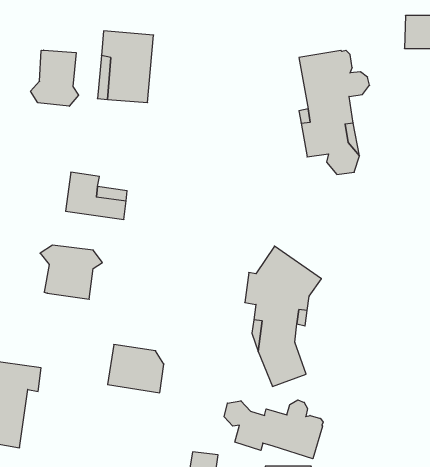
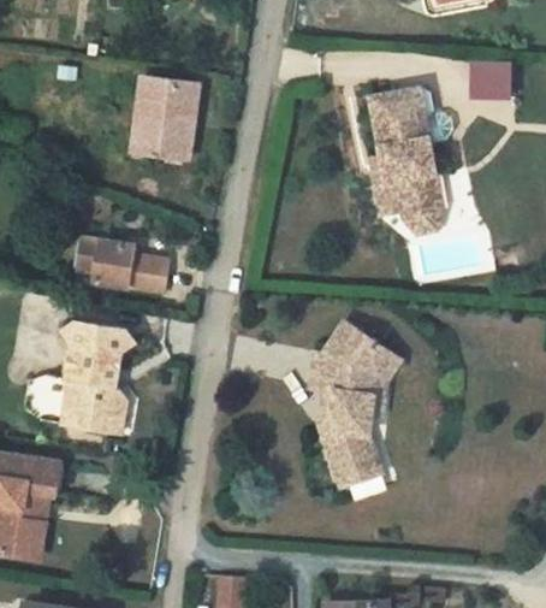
building: [31,50,79,106] -> none
building: [108,345,164,393] -> [58,377,124,433]
building: [224,400,323,459] -> none

